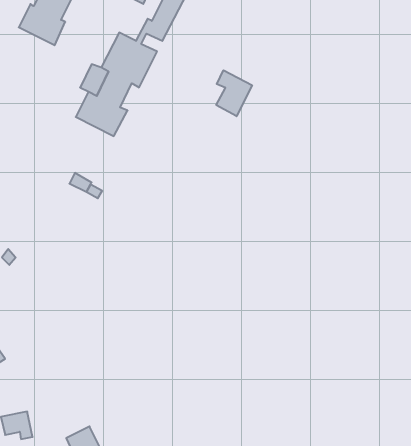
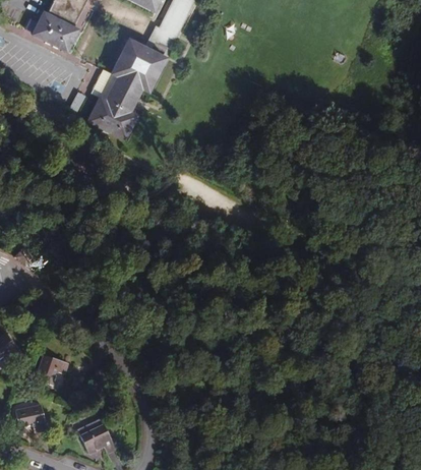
building: [216,70,252,116] -> none
building: none -> [36,354,67,384]

